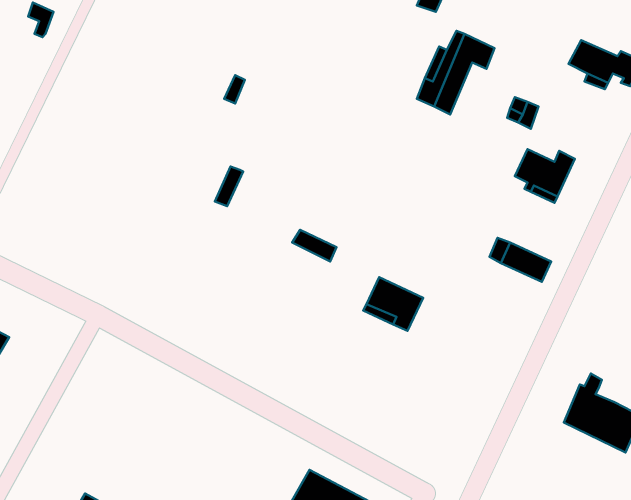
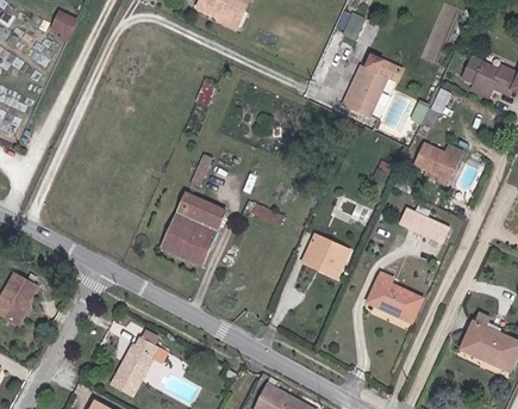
building: none -> [163,193,224,262]
building: none -> [363,272,419,322]
building: none -> [112,339,157,396]

